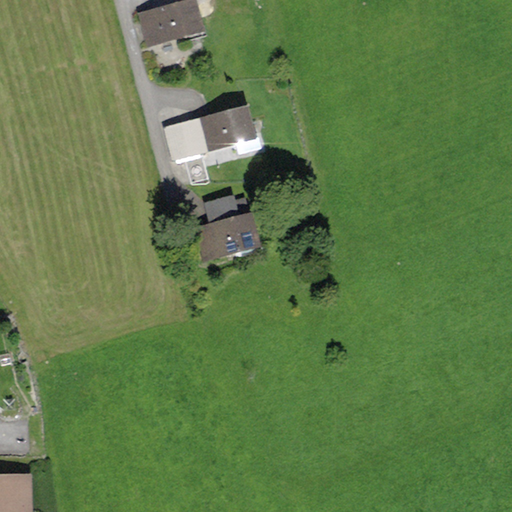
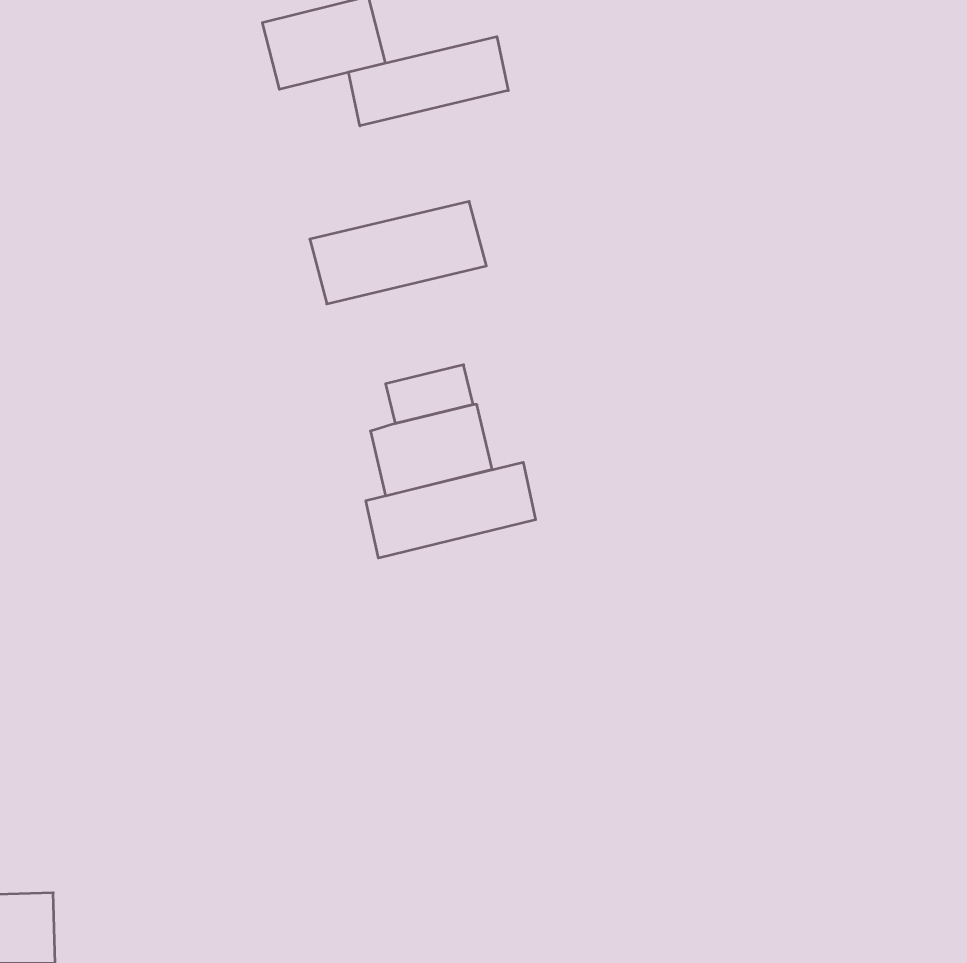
building: none -> [349,37,508,126]
building: none -> [366,462,536,558]

